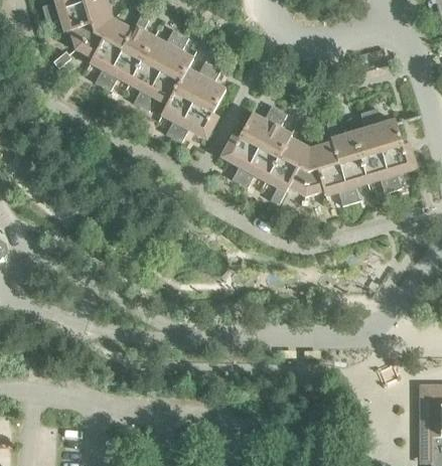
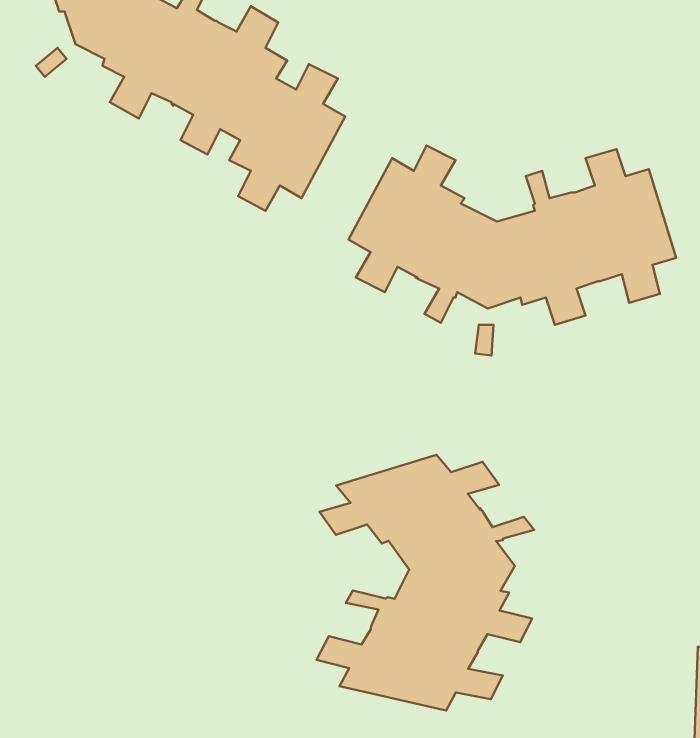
building: none -> [317,455,534,711]

